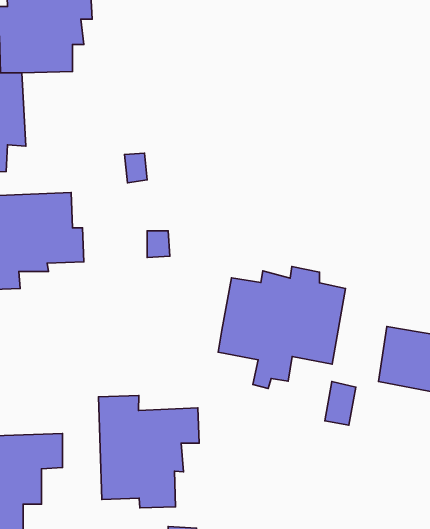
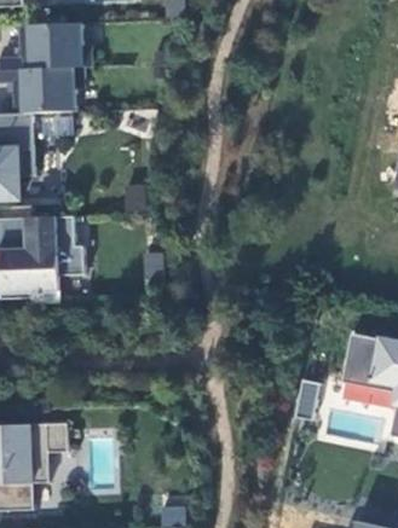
building: [218,266,346,389] -> none
building: [99,395,199,508] -> none

